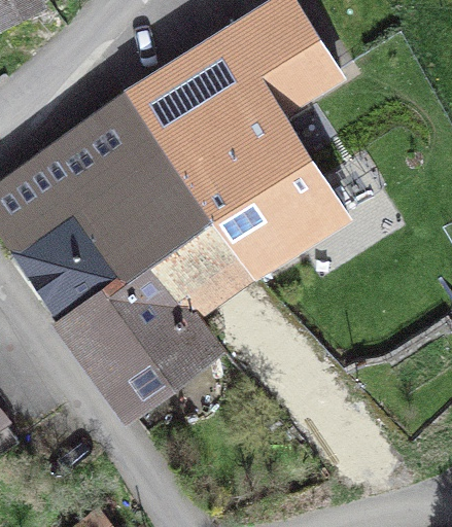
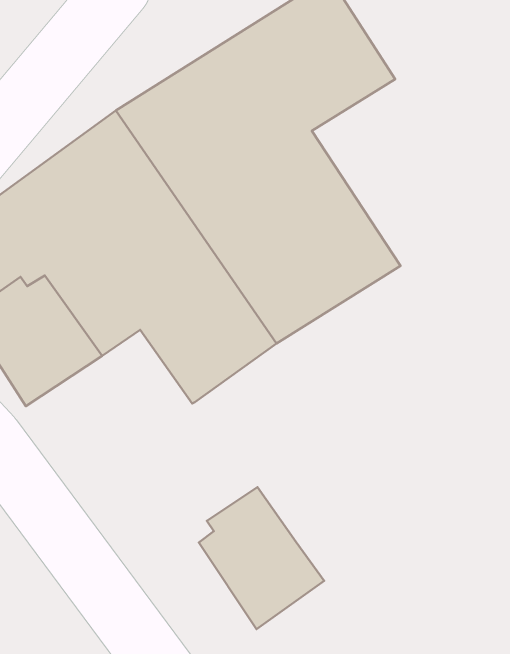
building: [60,256,211,407] -> none
building: none -> [199,487,324,629]

